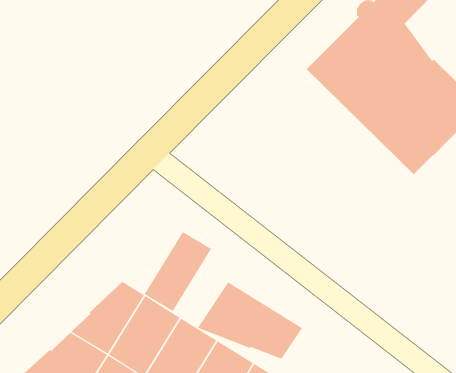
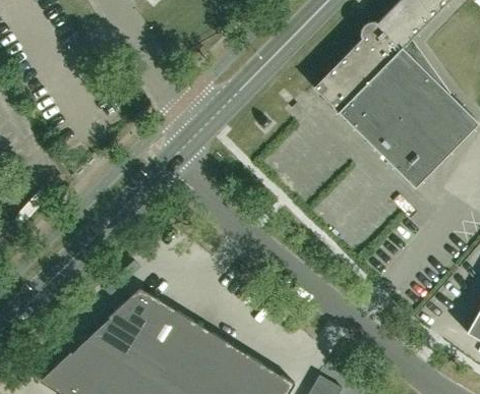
building: [144,231,212,312] -> none
building: [197,282,303,360] -> none

